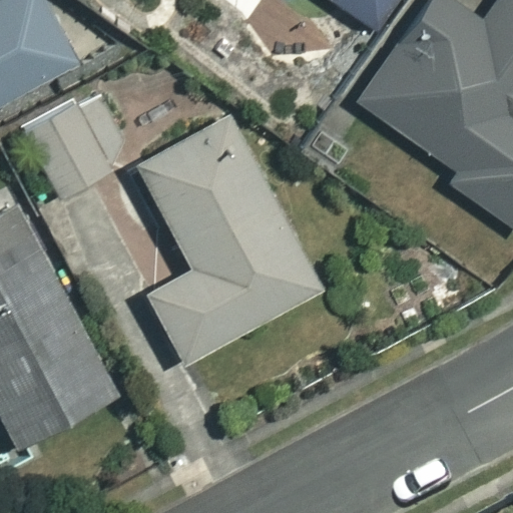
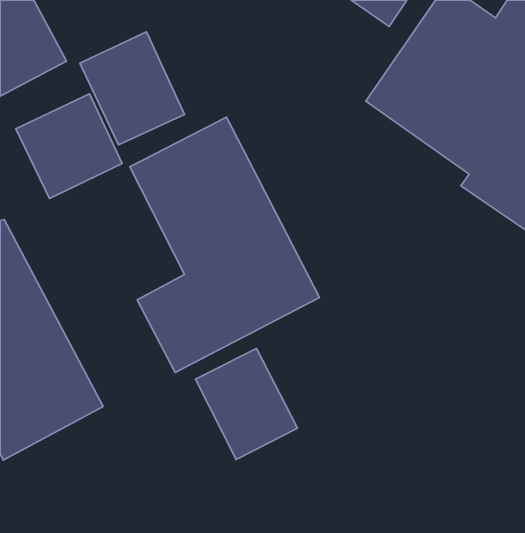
building: none -> [80,32,184,145]
building: none -> [196,348,297,460]

